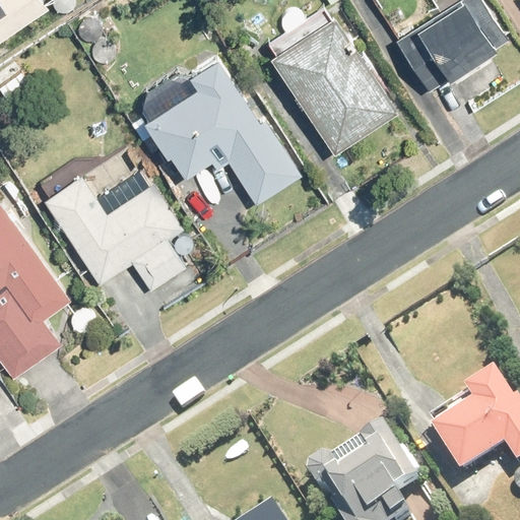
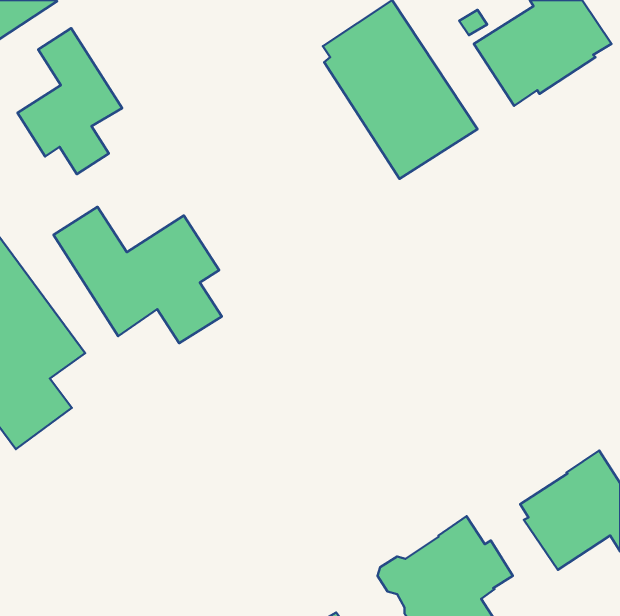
building: none -> [17,28,122,174]
building: [142,58,302,203] -> none

